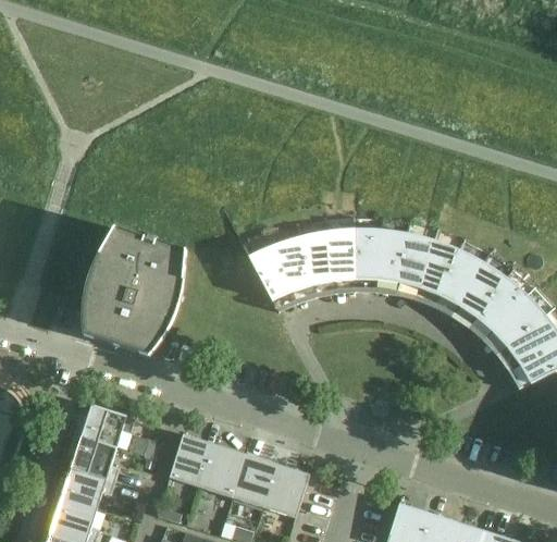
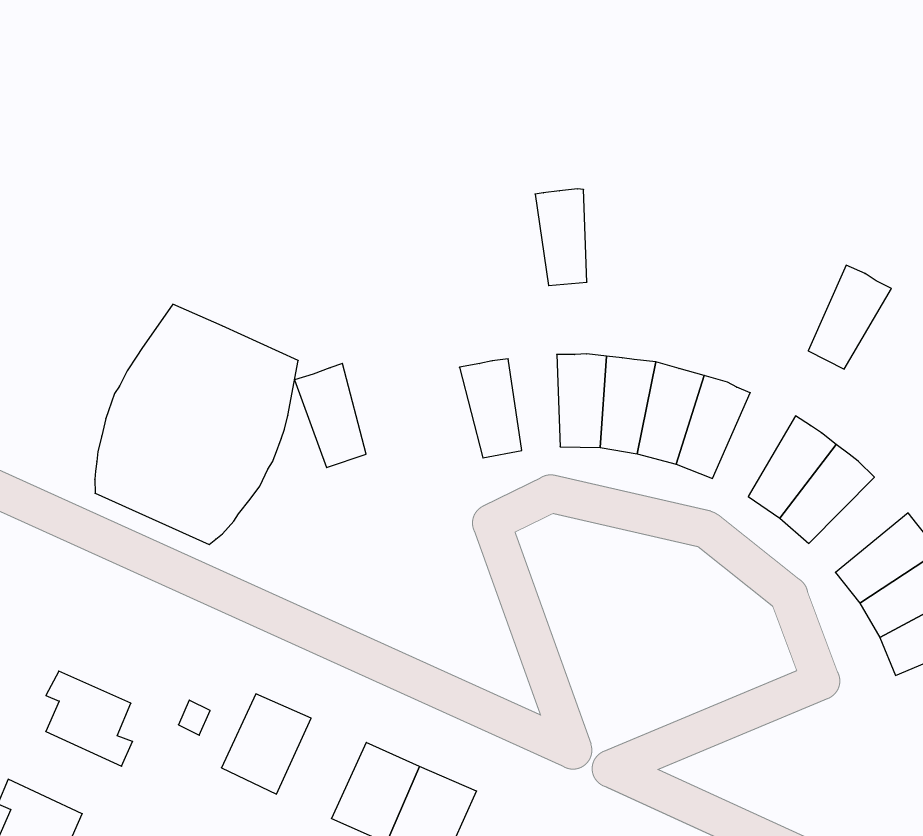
building: [299,231,333,285] -> [535,189,587,286]
building: [418,239,459,296] -> [808,265,891,369]
building: [248,244,292,301] -> [295,363,366,468]
building: [474,278,527,332] -> none
building: [74,405,135,447] -> none
building: [200,444,246,497] -> none
building: [53,468,114,510] -> none

